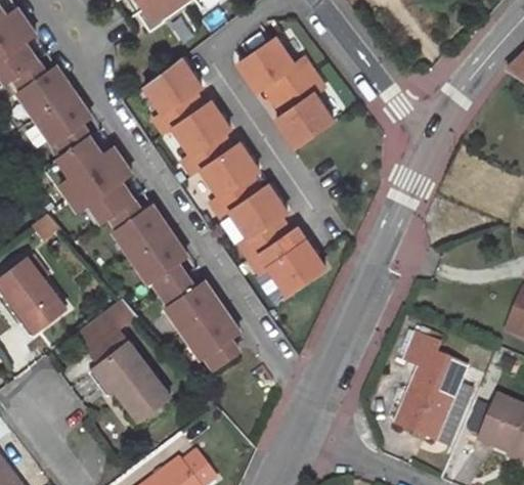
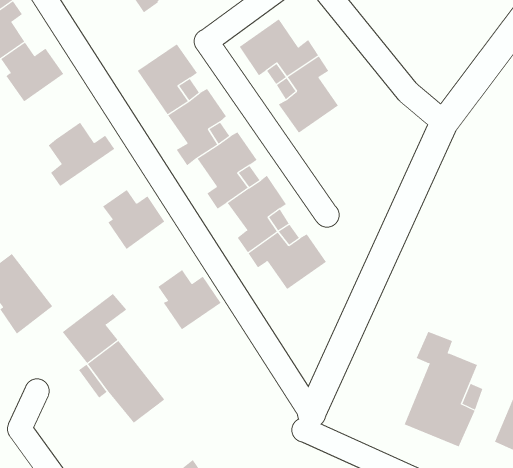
building: [37,90,92,151] -> none
building: [71,161,134,220] -> none
building: [133,229,187,291] -> none
building: [185,306,241,366] -> none

